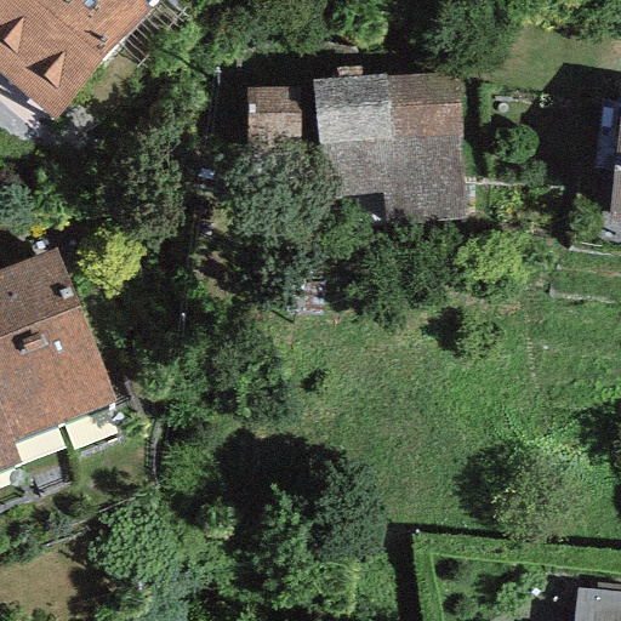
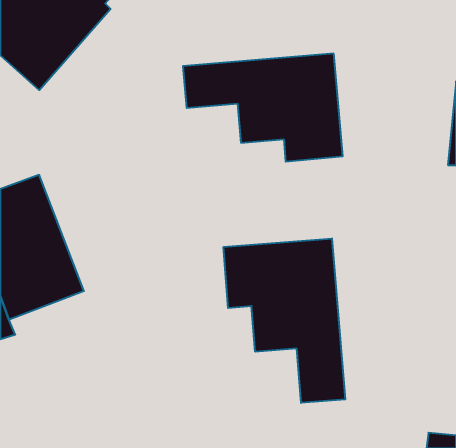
building: none -> [224,238,345,403]

